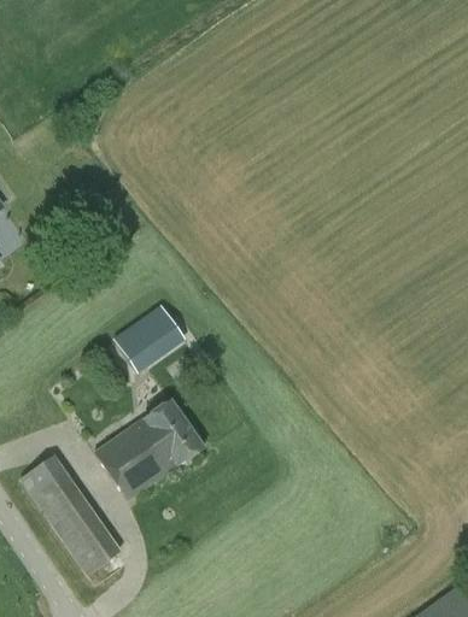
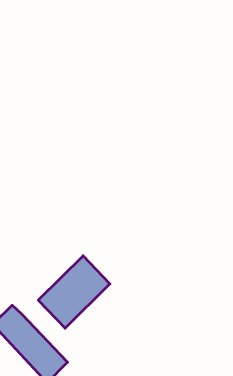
building: [122,304,189,368] -> none

